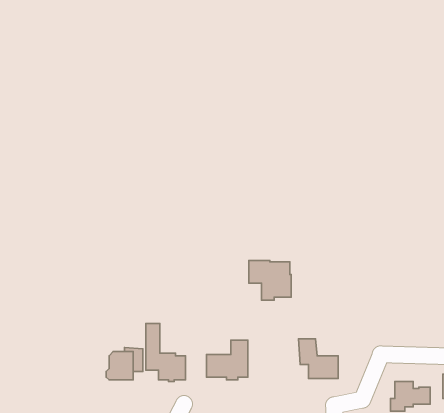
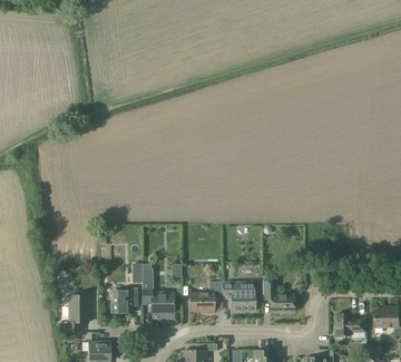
building: [249,260,291,300] -> [222,281,255,312]
building: none -> [63,295,88,331]

